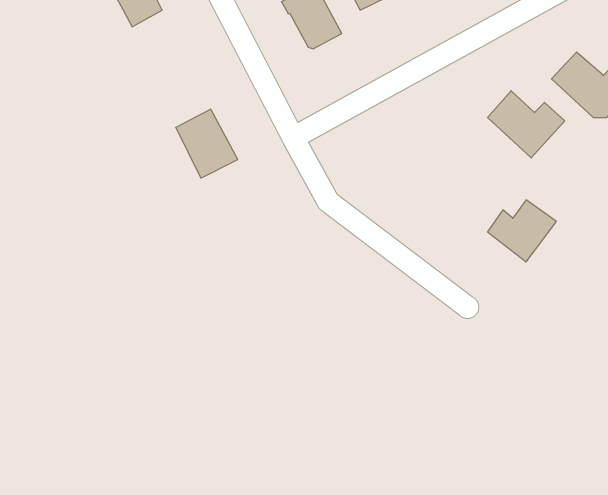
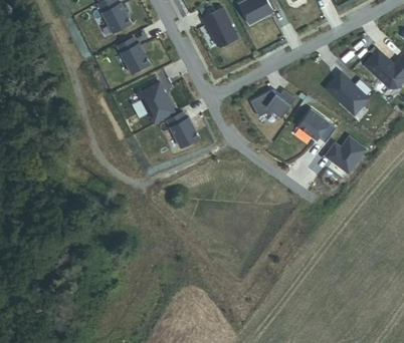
building: none -> [118,37,150,73]
building: none -> [250,89,294,117]
building: none -> [299,110,336,142]
building: none -> [167,111,199,147]

